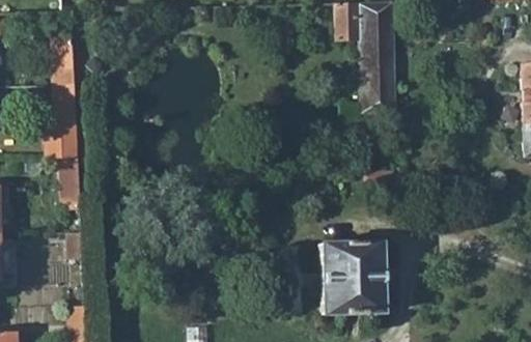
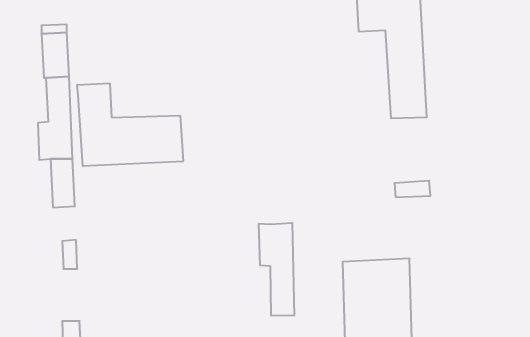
building: none -> [77,83,183,166]
building: none -> [259,223,294,316]

